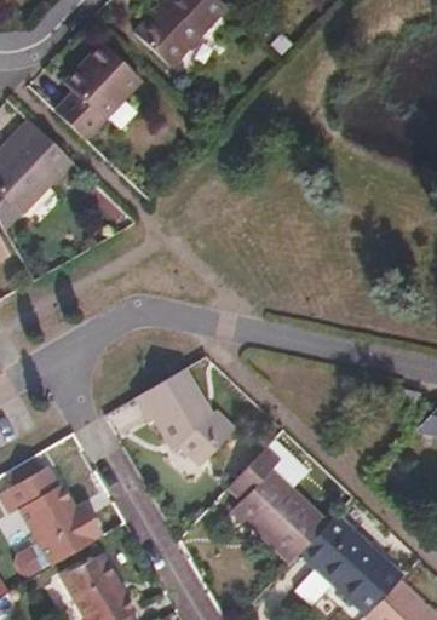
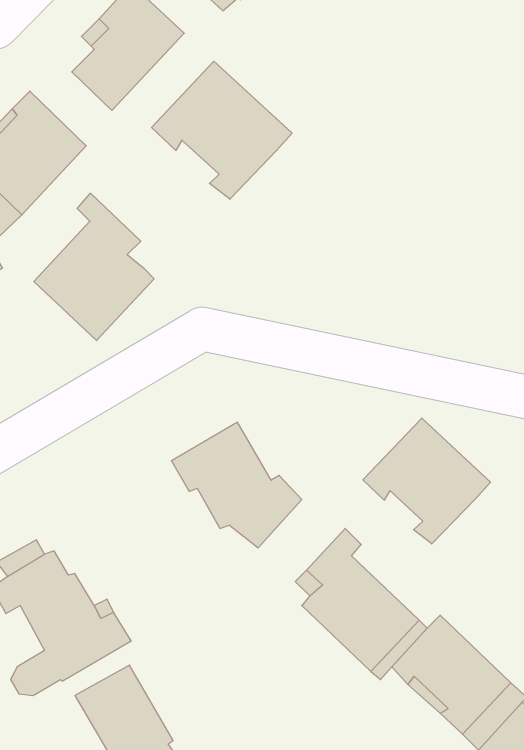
building: none -> [152,61,292,199]
building: none -> [34,193,154,341]
building: none -> [363,418,491,544]

